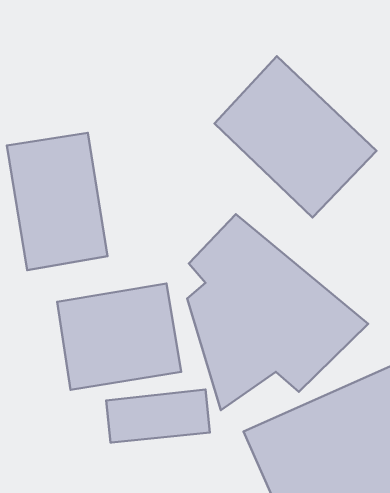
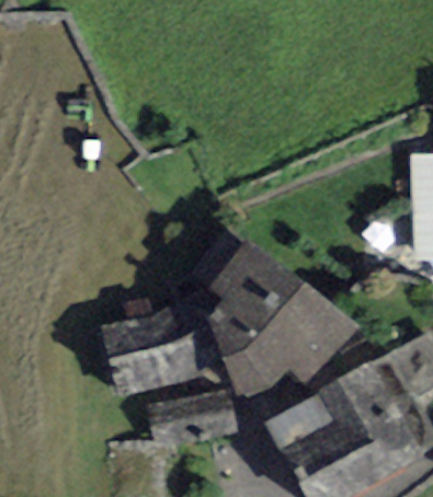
building: [214,56,376,217] -> none
building: [7,133,108,270] -> none

